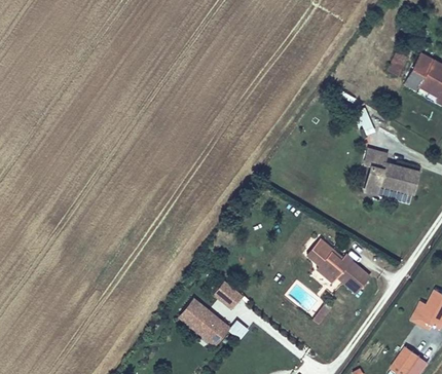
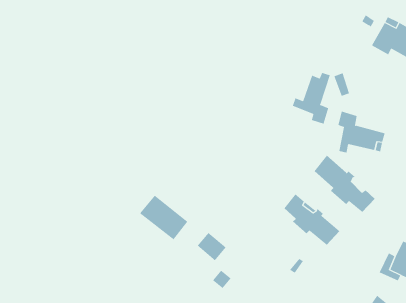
building: none -> [292,72,330,125]
building: none -> [314,155,376,213]
building: [180,297,232,345] -> [139,195,188,240]

